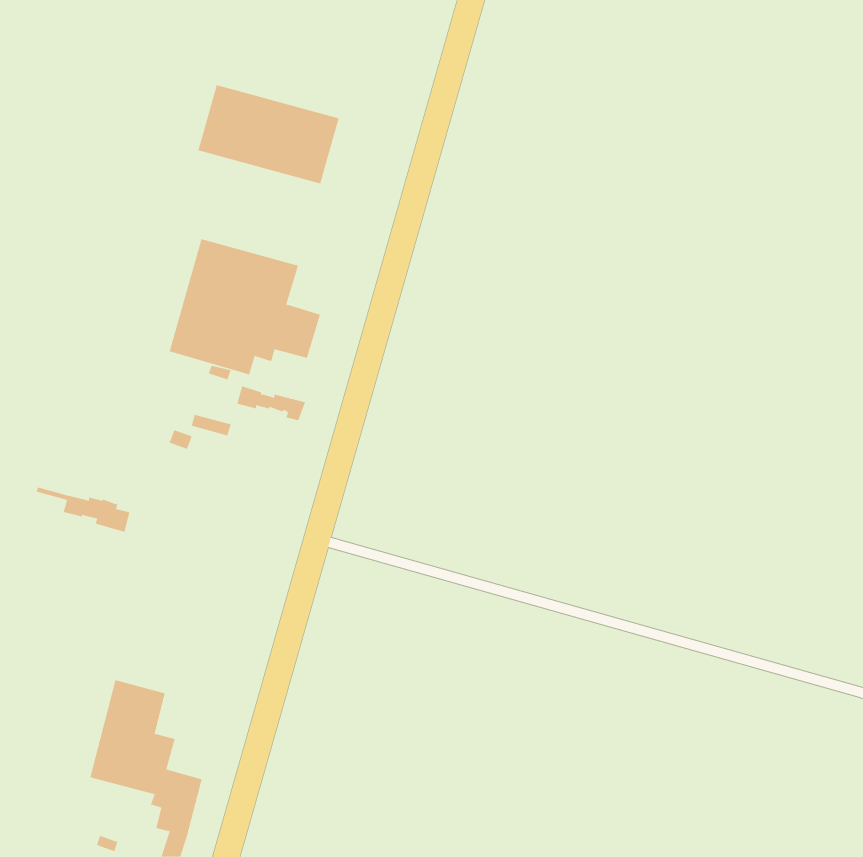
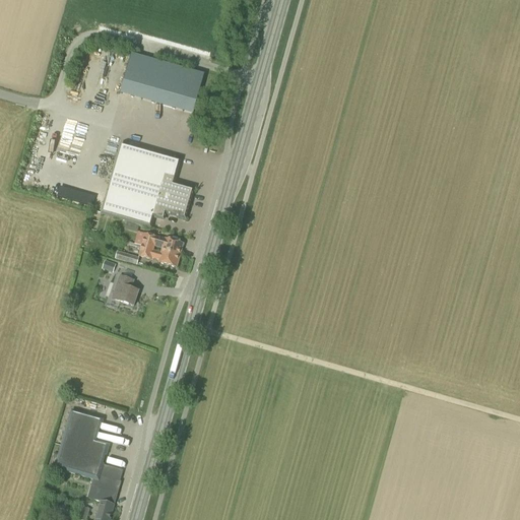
building: none -> [113,274,139,304]
building: [36,487,130,532] -> [123,238,180,265]

